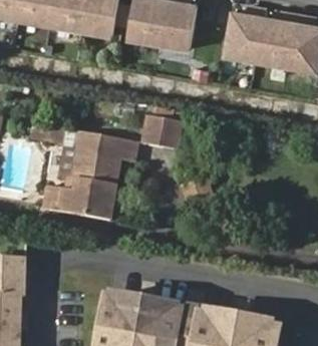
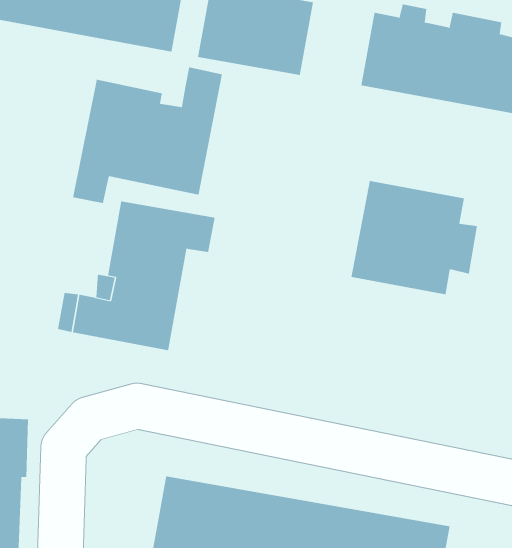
building: none -> [72,66,222,204]
building: [142,110,179,145] -> none
building: none -> [351,180,478,295]

